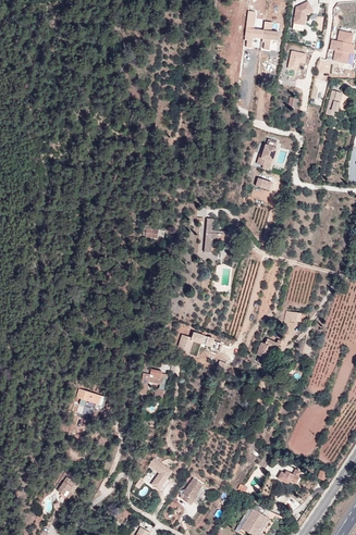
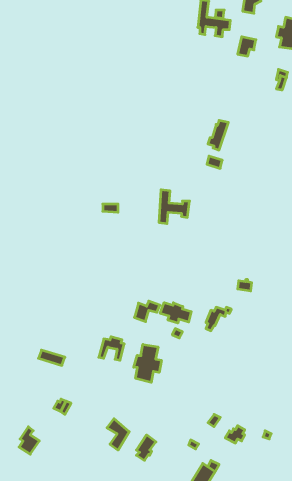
building: none -> [160,303,191,323]
building: none -> [134,344,161,382]

